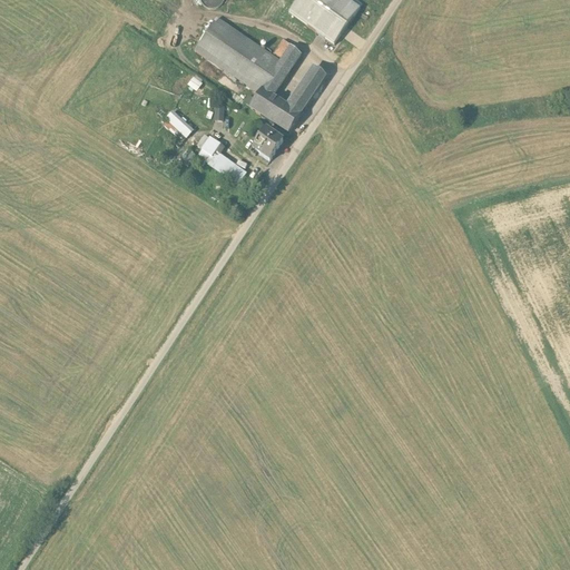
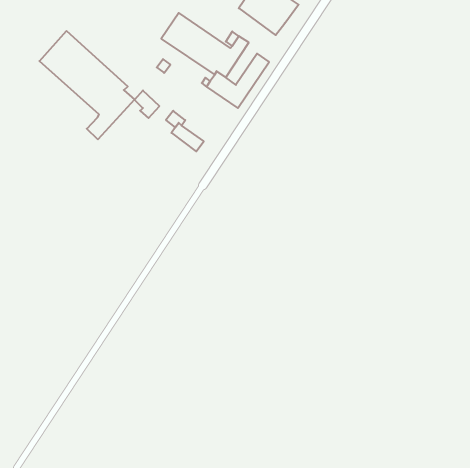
building: none -> [39,31,135,139]
building: [253,124,284,156] -> none

